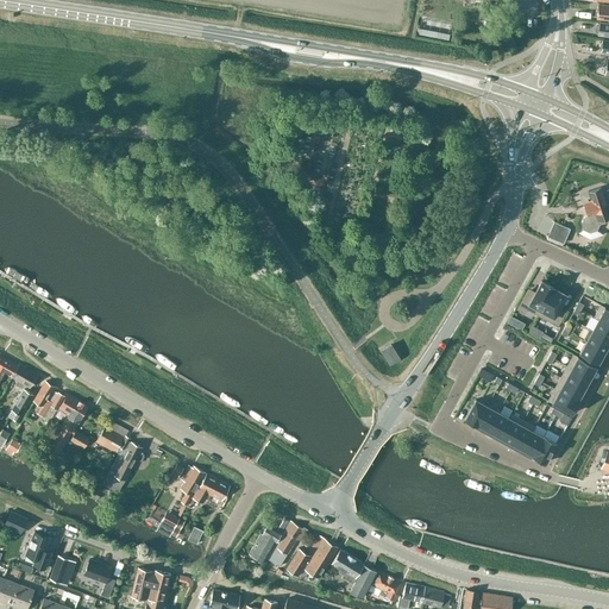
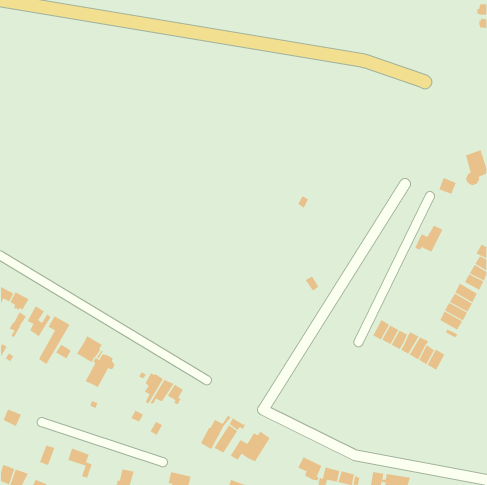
building: [539,289,565,327] -> none
building: [26,534,52,572] -> none
building: [332,552,376,599] -> none
building: [130,569,171,602] -> none

